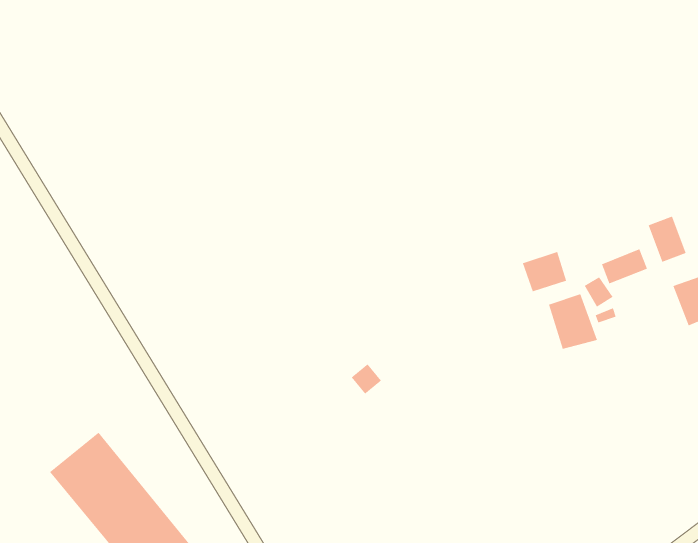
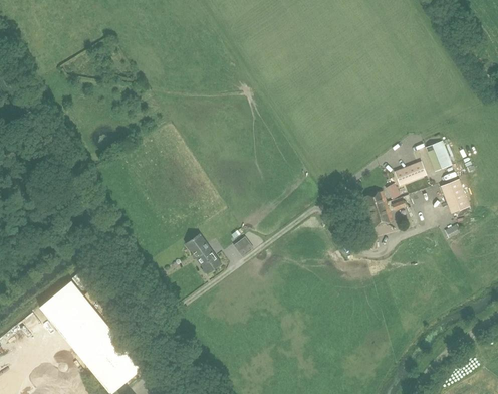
building: [522,251,567,292] -> none
building: none -> [186,234,222,274]

